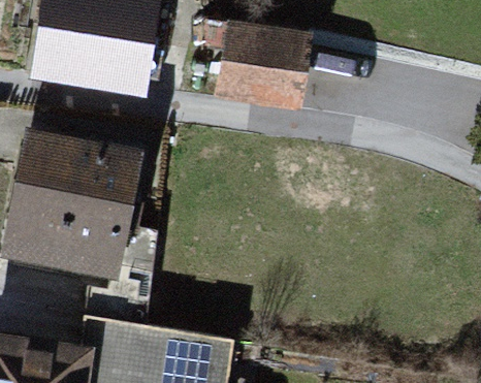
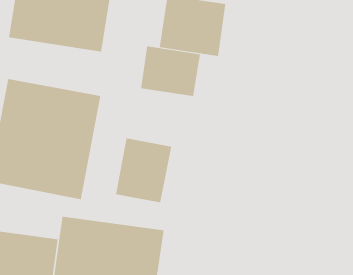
building: none -> [141,46,201,97]
building: none -> [115,137,172,203]

